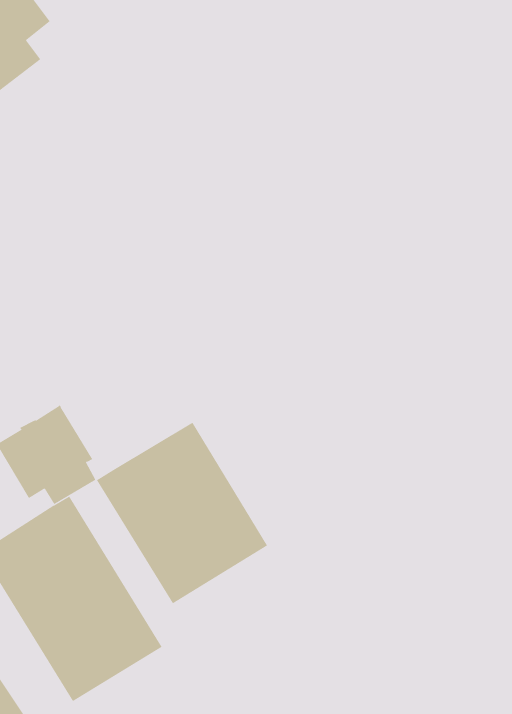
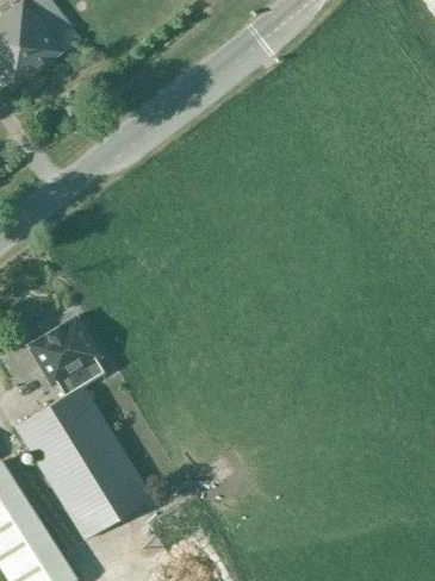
building: [96,422,268,604] -> none

